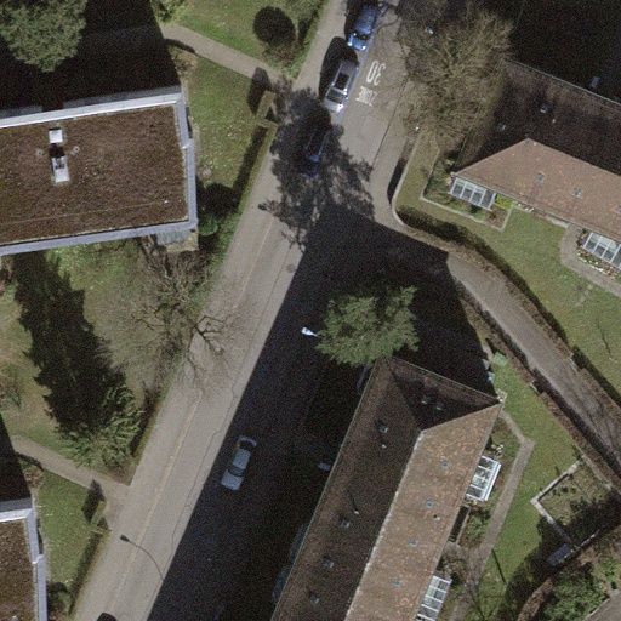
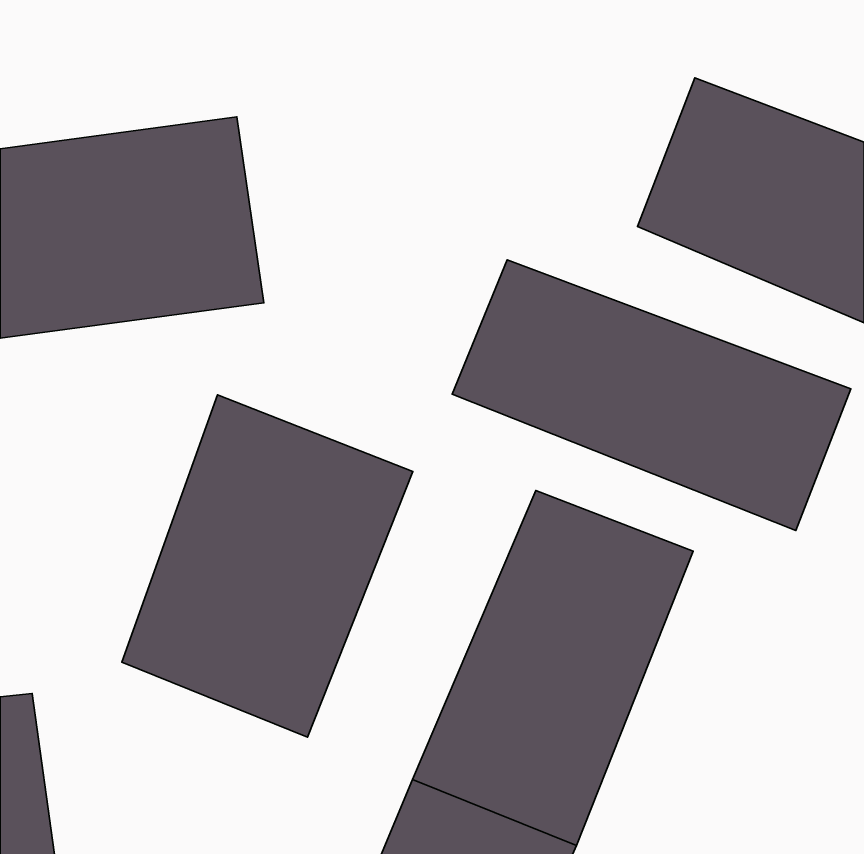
building: none -> [452,260,851,530]
building: none -> [122,395,413,737]

